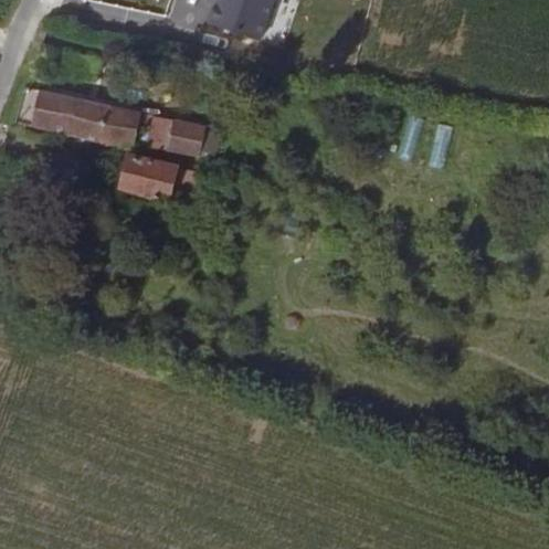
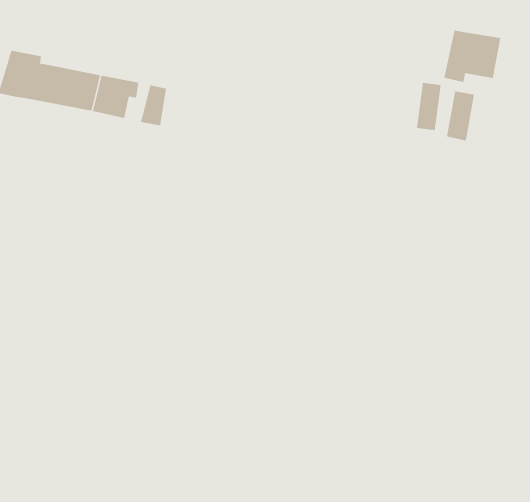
building: none -> [444,30,501,83]
building: [163,118,213,159] -> none
building: [122,157,177,198] -> none

